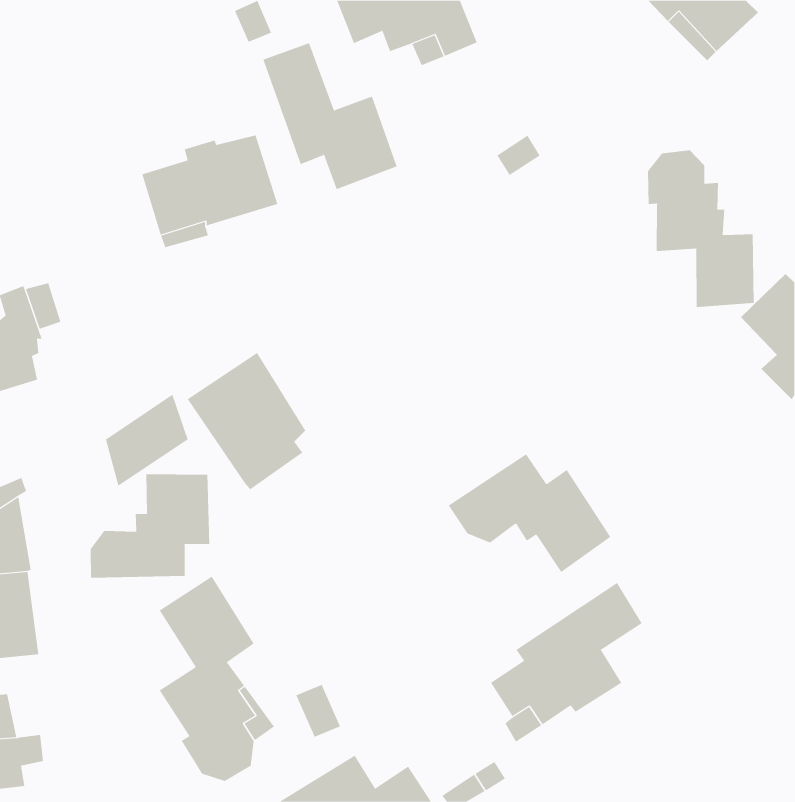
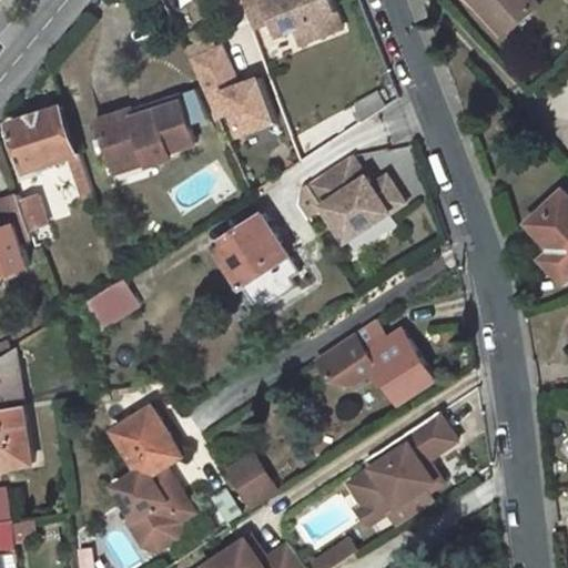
building: [648,149,754,308] -> none
building: none -> [8,110,94,203]
building: none -> [293,150,410,243]
building: [187,352,306,490] -> [214,211,298,308]
building: [90,473,210,578] -> none
building: none -> [229,454,276,506]

